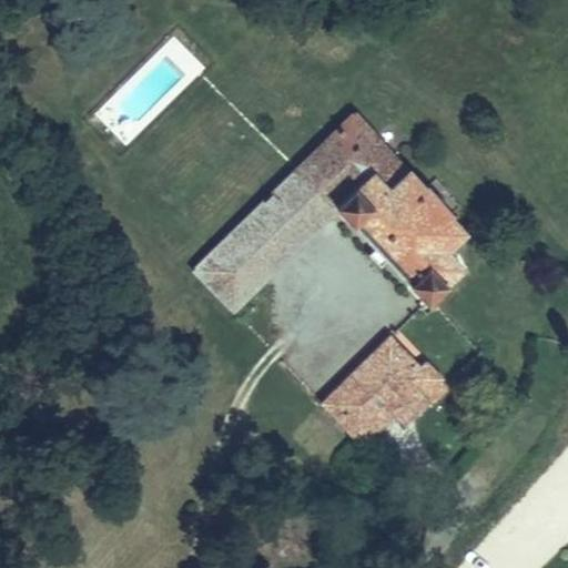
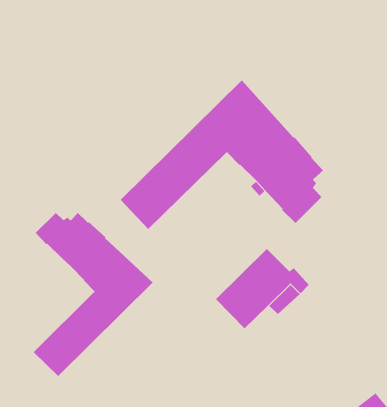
building: none -> [33,212,154,377]

